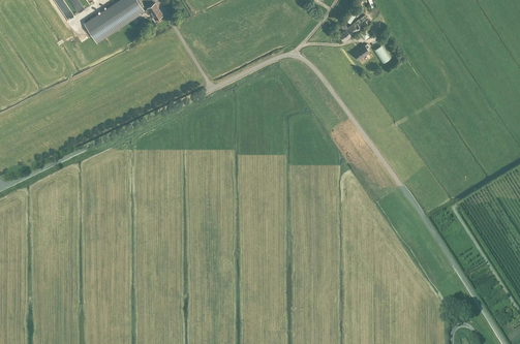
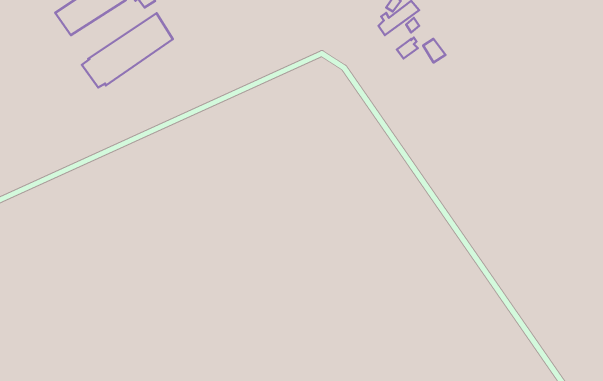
building: none -> [82,13,173,88]

